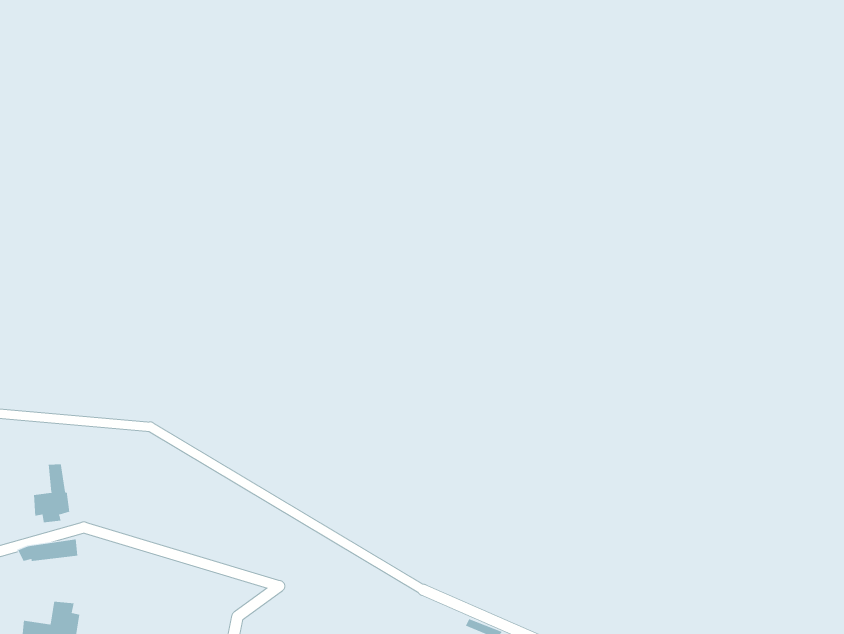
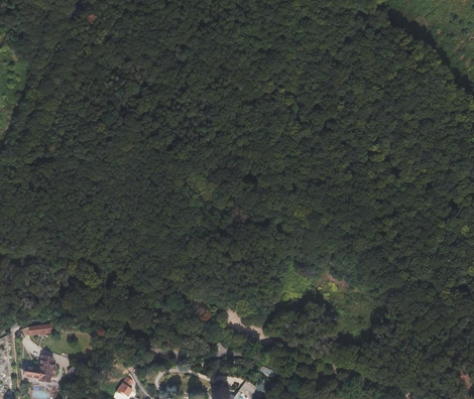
building: [33,464,70,523] -> none

